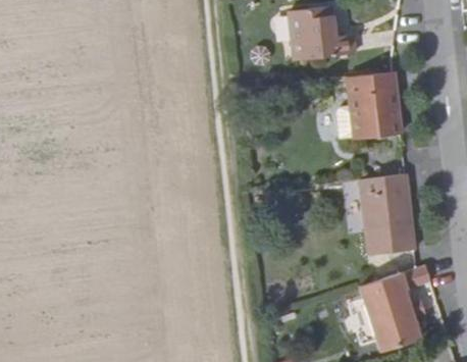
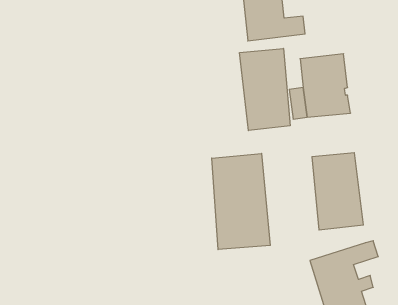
building: none -> [240,48,290,131]
building: none -> [212,153,270,250]

